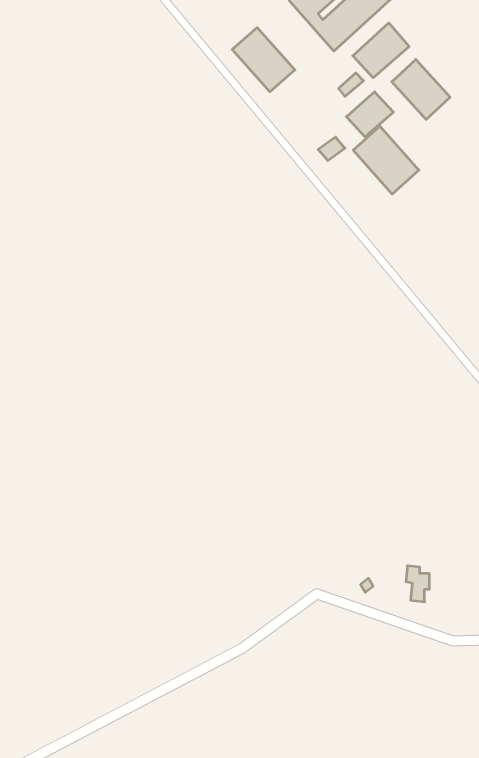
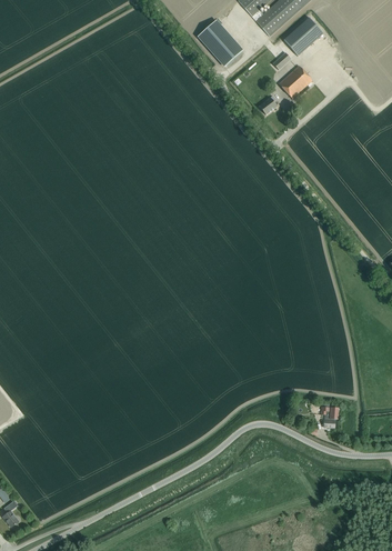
building: [392,59,450,119] -> none
building: [353,126,419,194] -> none

